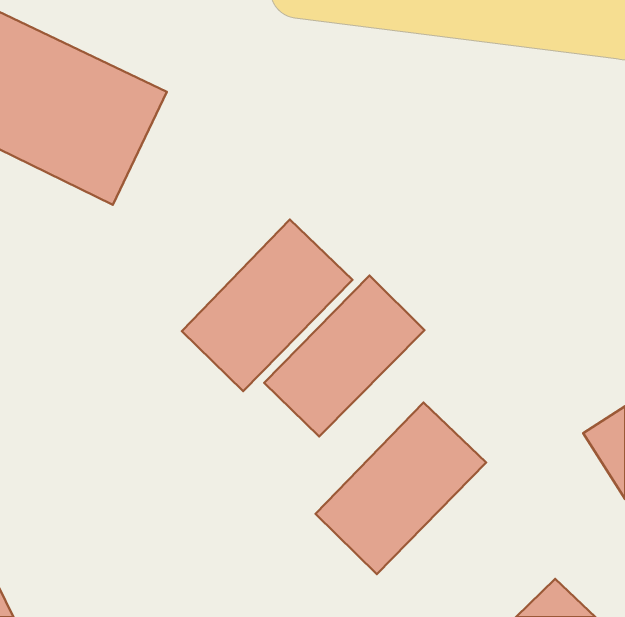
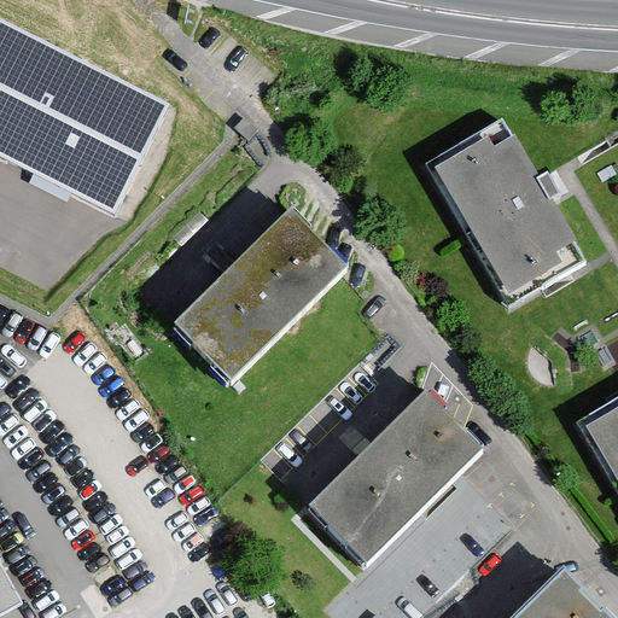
building: none -> [425,119,579,293]
building: [264,275,424,436] -> none

